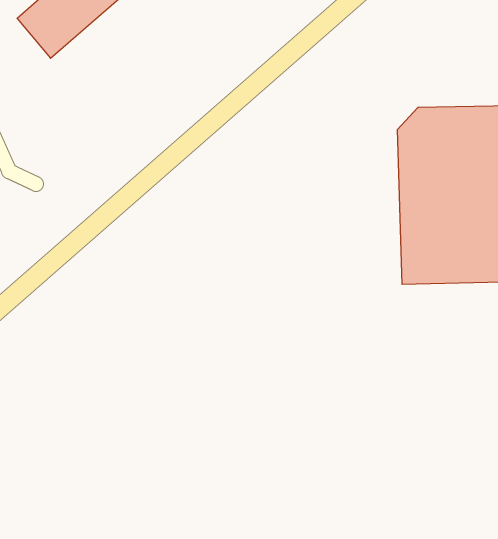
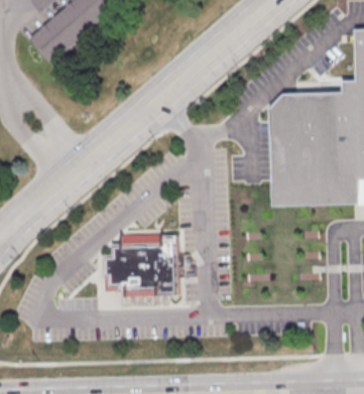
building: none -> [105,235,178,297]

